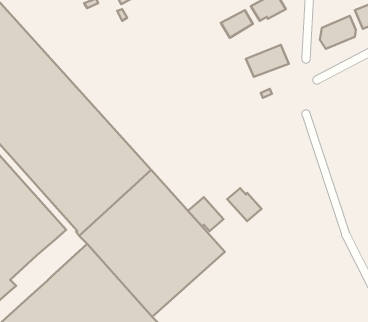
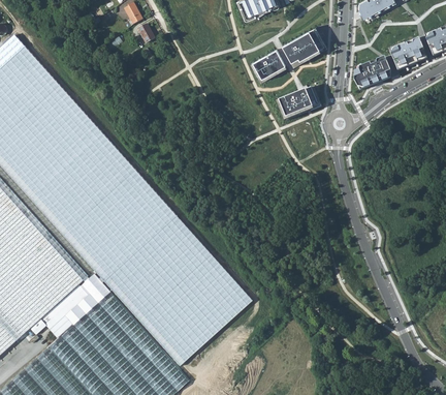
building: [227,188,262,221] -> none
building: [188,197,224,231] -> none
building: none -> [31,274,110,338]

